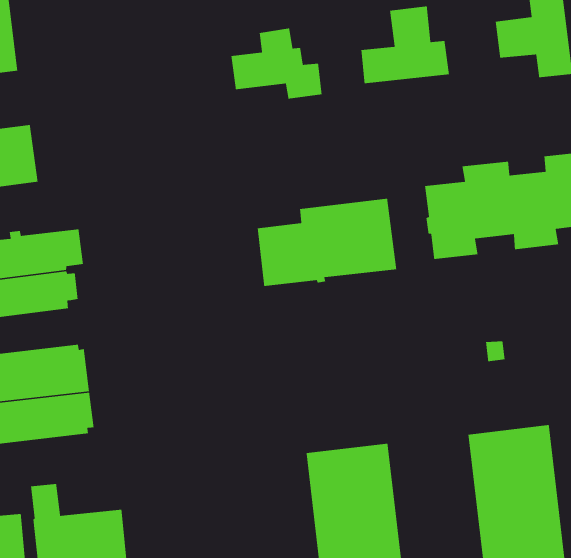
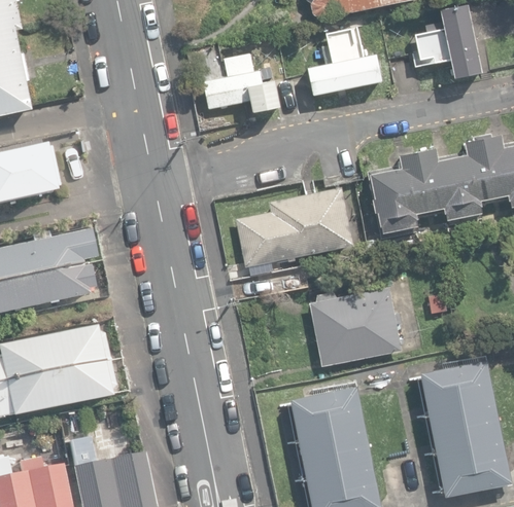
building: none -> [310,286,402,364]

